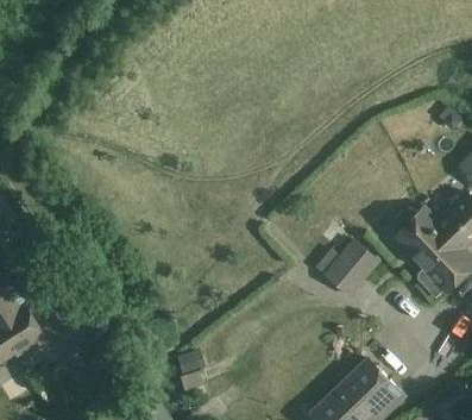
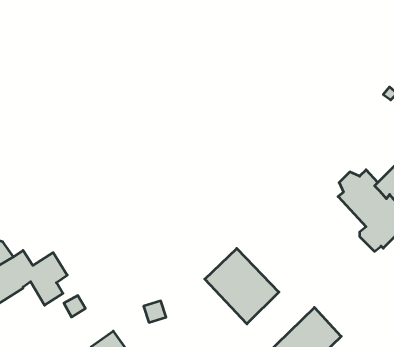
building: [326,244,376,295] -> none
building: none -> [205,248,279,324]

